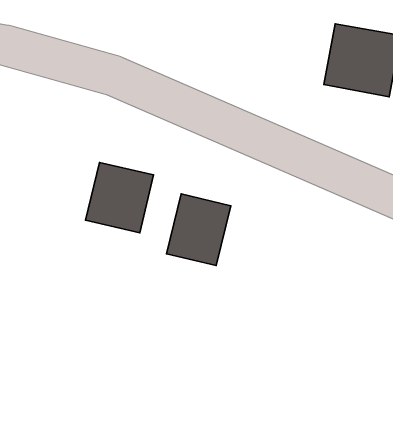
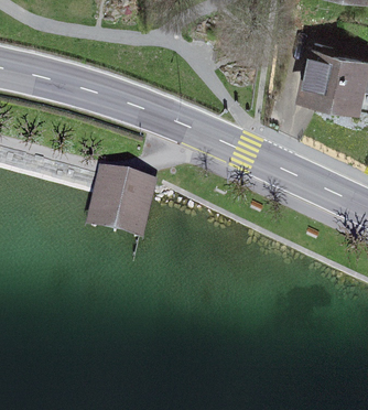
building: [167,194,231,266] -> none

